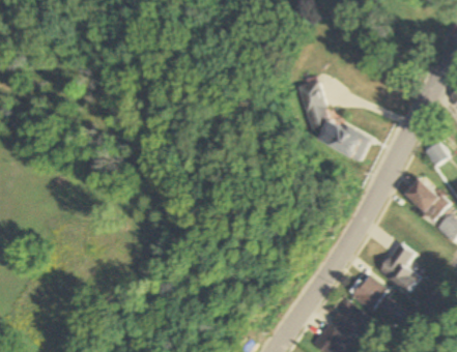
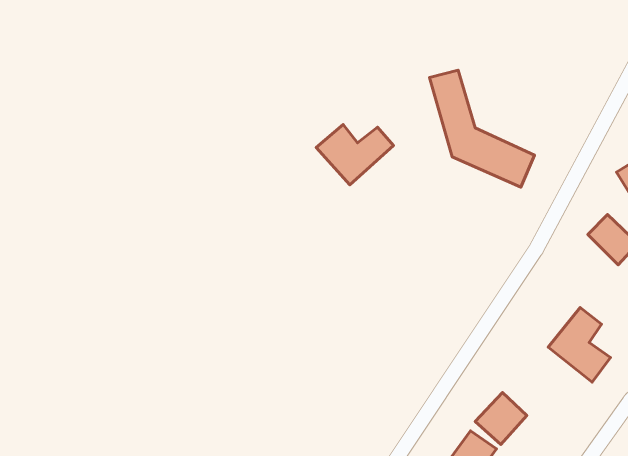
building: none -> [316,124,394,185]
building: [350,272,389,310] -> none

